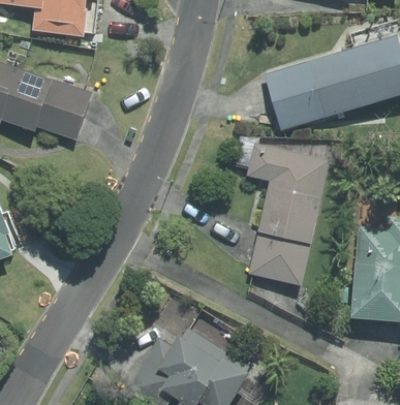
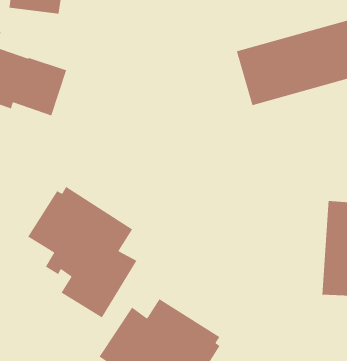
building: [246,144,330,285] -> none
building: none -> [27,186,138,319]

